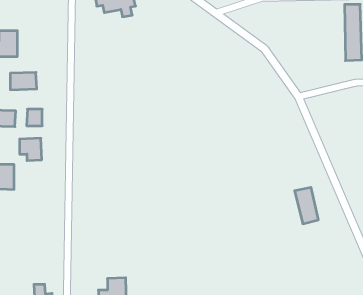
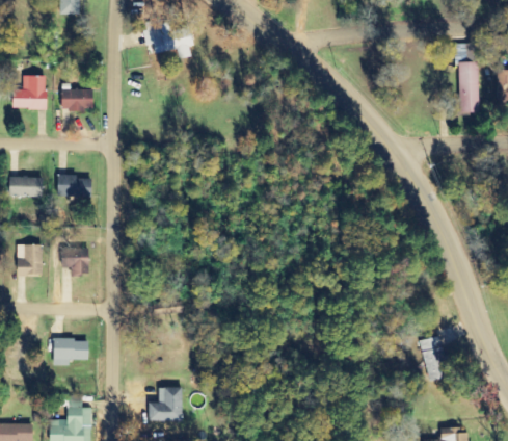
building: [10,72,37,90] -> [60,88,93,110]
building: [20,138,42,161] -> [61,248,89,276]
building: [295,187,318,224] -> [418,336,448,382]
building: none -> [53,338,89,365]

